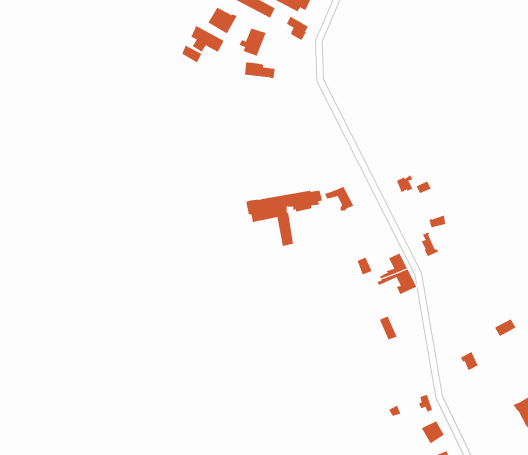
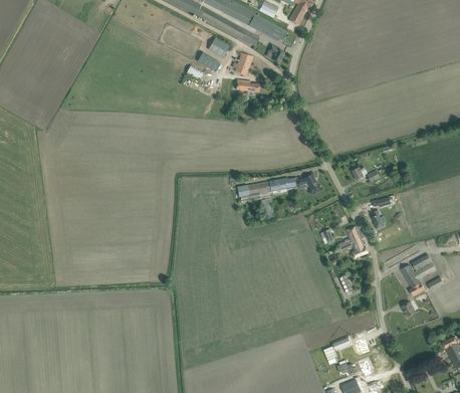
building: none -> [401,254,437,296]

